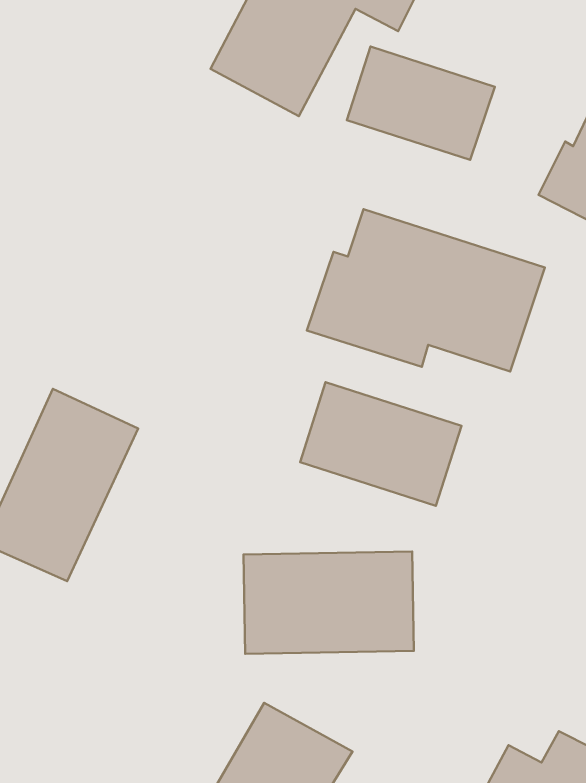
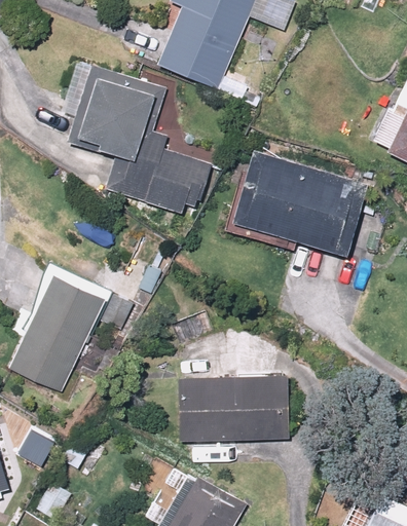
building: [347,47,495,160] -> none
building: none -> [64,65,213,212]
building: [300,382,461,506] -> none

